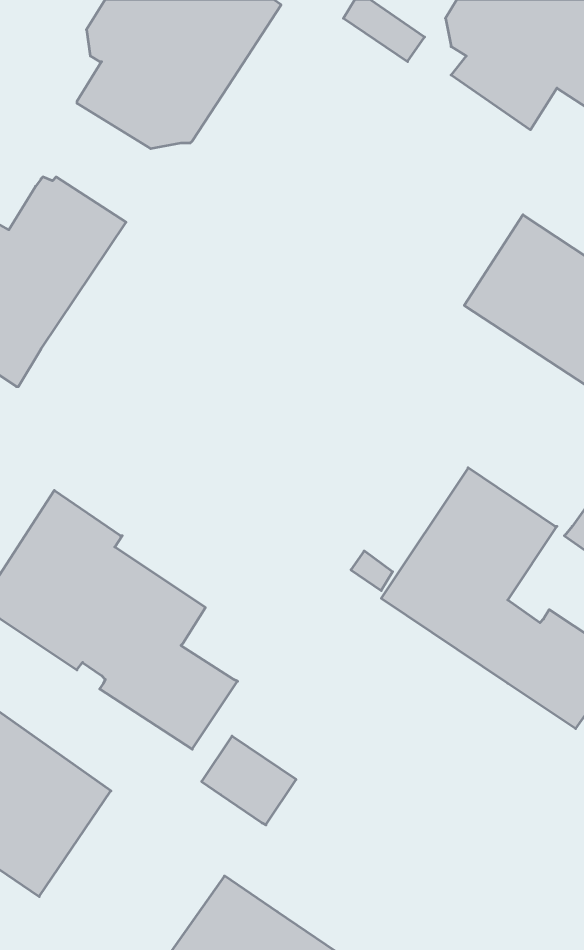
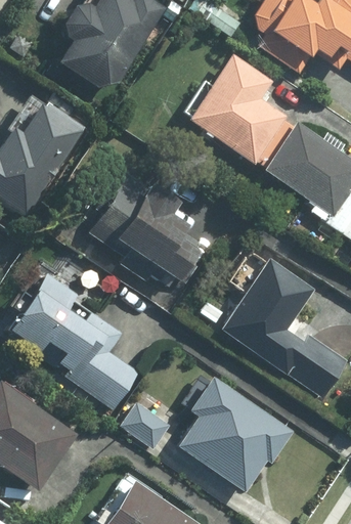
building: none -> [188,52,289,165]
building: none -> [90,170,204,288]
building: none -> [177,376,295,493]

